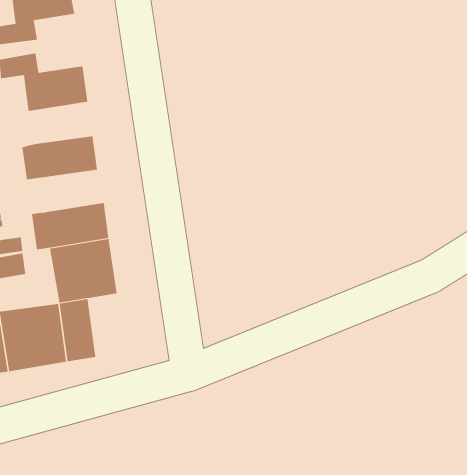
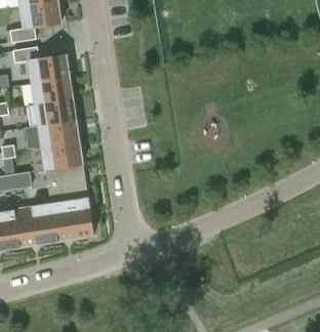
building: none -> [31,78,72,105]
building: none -> [38,121,79,148]
building: none -> [69,199,93,239]

